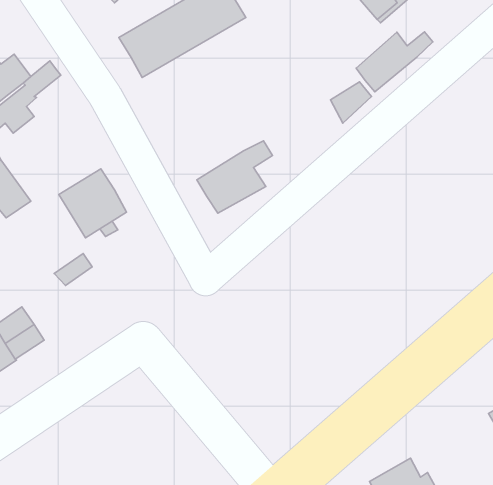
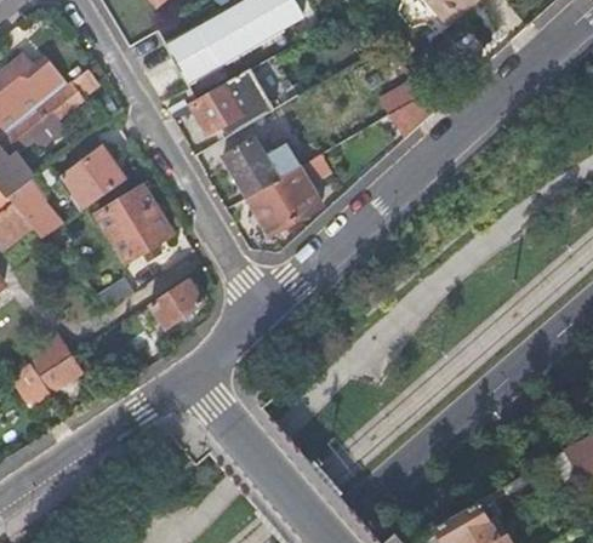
building: [356,32,433,92] -> none
building: none -> [193,68,275,138]
building: none -> [223,138,298,198]
building: none -> [59,147,126,210]
building: none -> [149,278,204,327]

